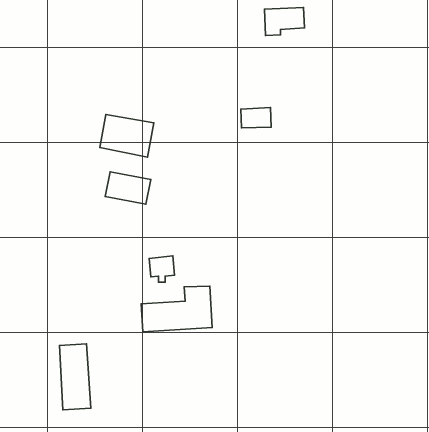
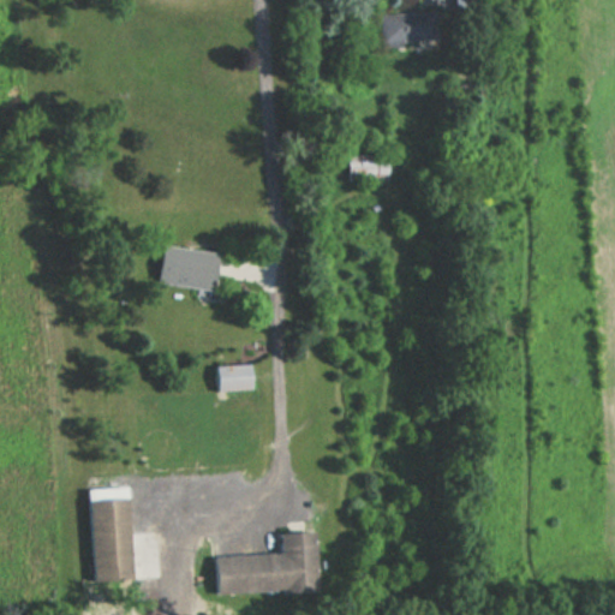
building: [100,115,154,157] -> none
building: [141,286,212,332] -> [219,532,320,597]

